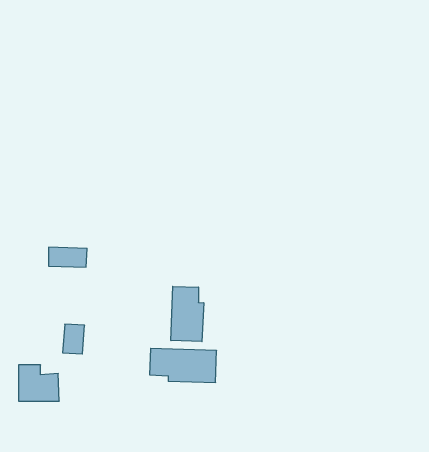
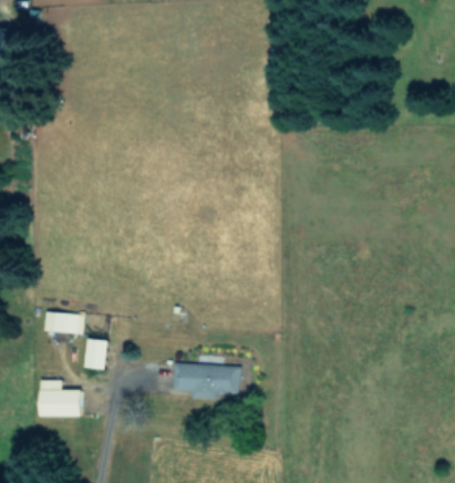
building: [49,247,87,267] -> [44,312,83,332]
building: [171,286,204,342] -> none

